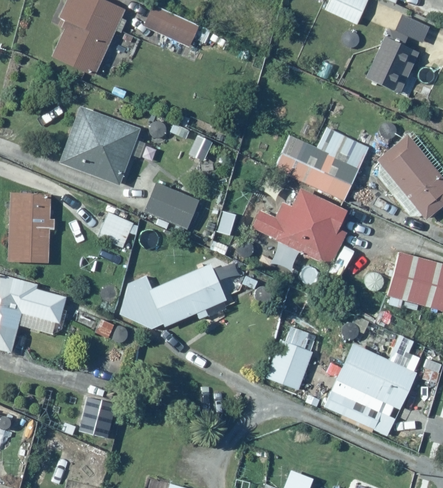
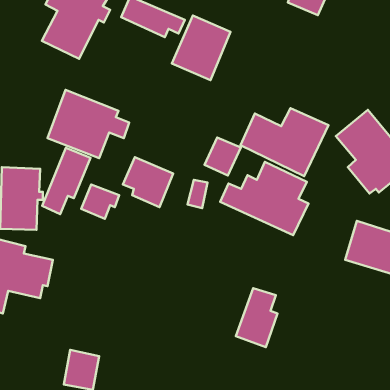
building: none -> [172,16,230,80]
building: [365,29,428,98] -> none
building: none -> [204,137,241,176]
building: none -> [42,148,91,214]
building: [119,262,226,329] -> none
building: [320,341,426,433] -> none

